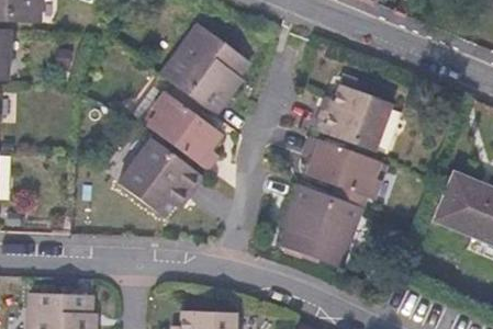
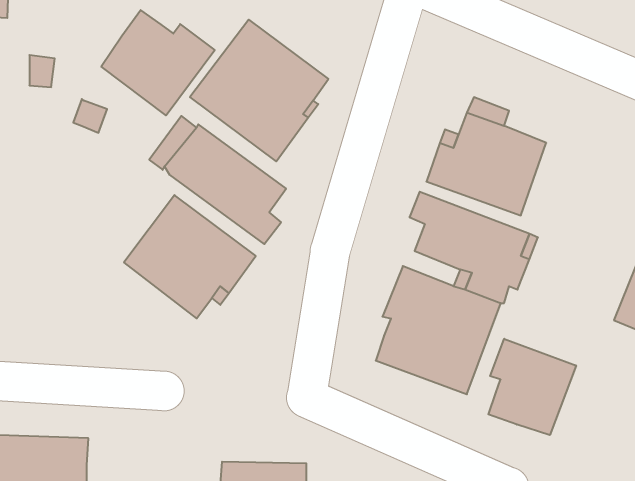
building: none -> [101,10,215,115]
building: none -> [488,339,576,435]

